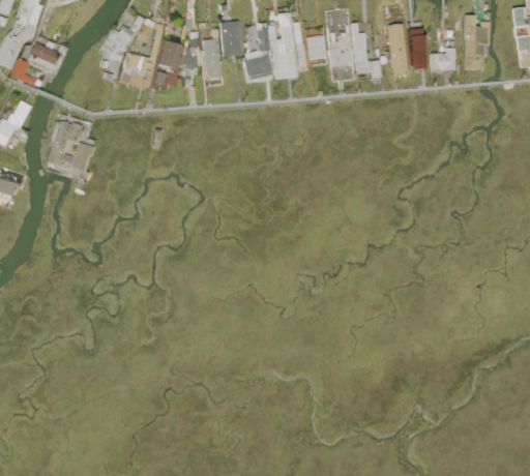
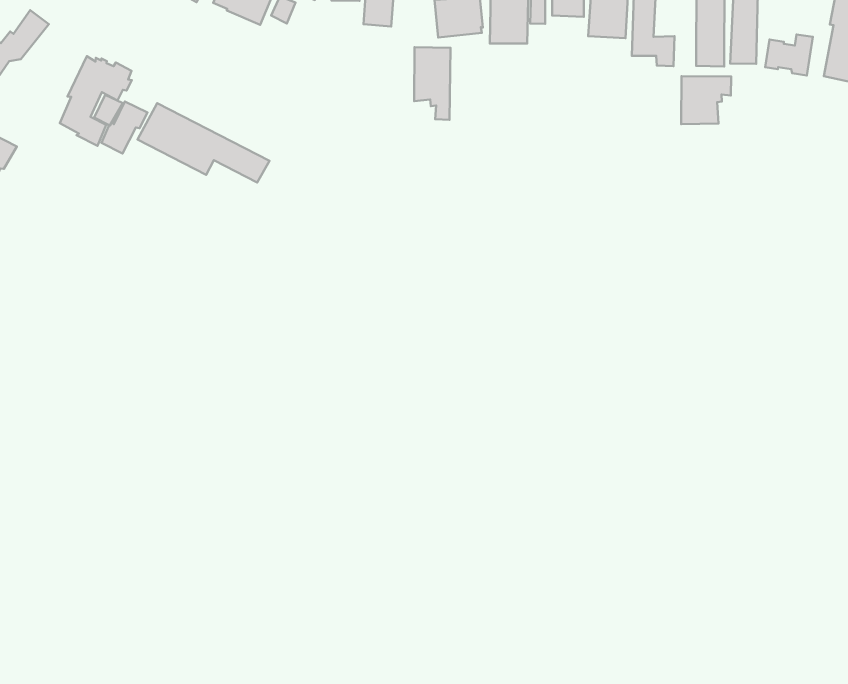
building: none -> [681,76,731,124]
building: none -> [414,47,450,120]
building: none -> [137,103,269,182]

